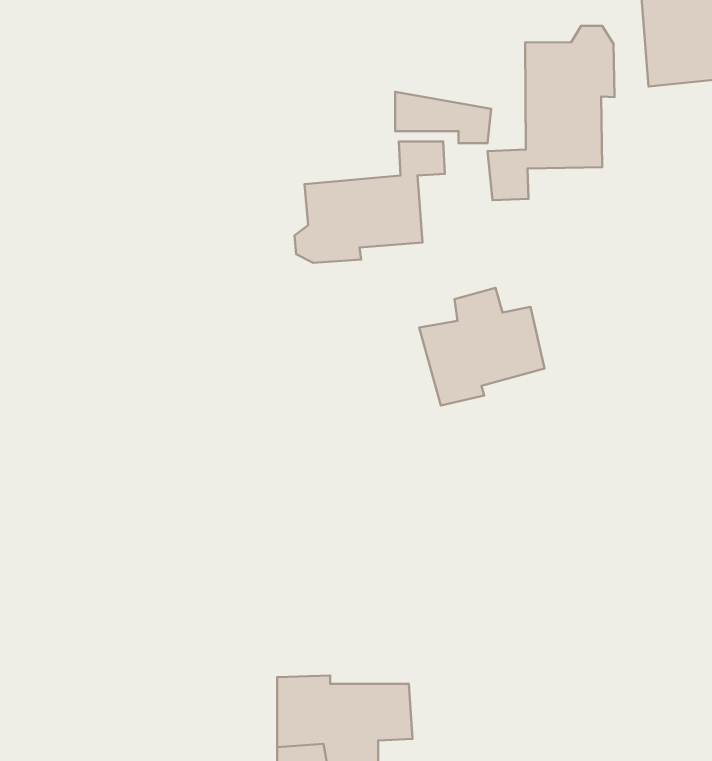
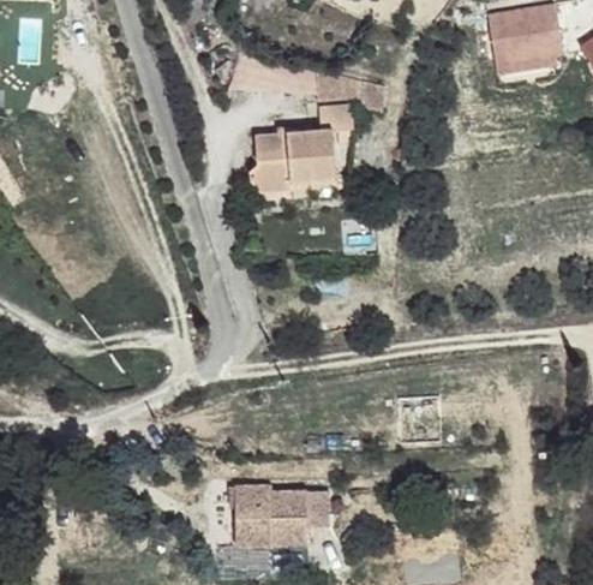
building: [488,26,615,200] -> none
building: [419,288,545,405] -> none

